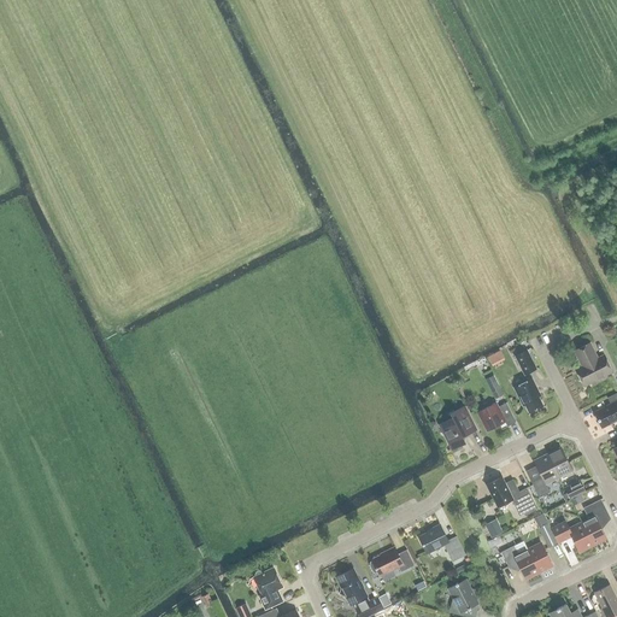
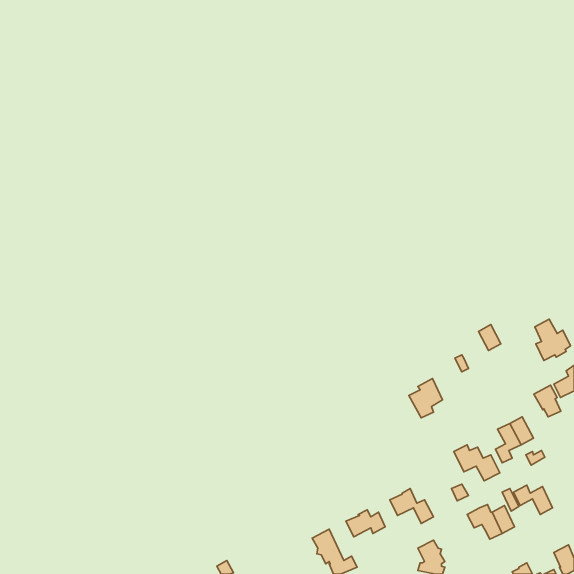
building: [513,378,542,412] -> [534,385,561,417]
building: [477,402,516,431] -> none
building: [582,504,610,545] -> none
building: [254,568,282,609] -> none

